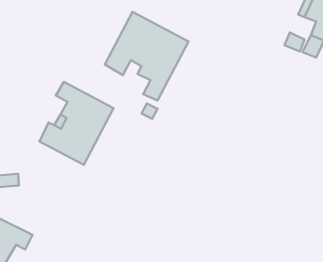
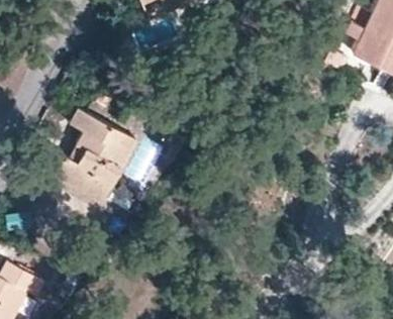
building: [105,12,189,101] -> none

